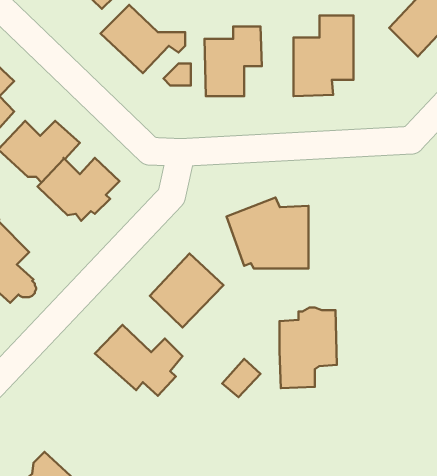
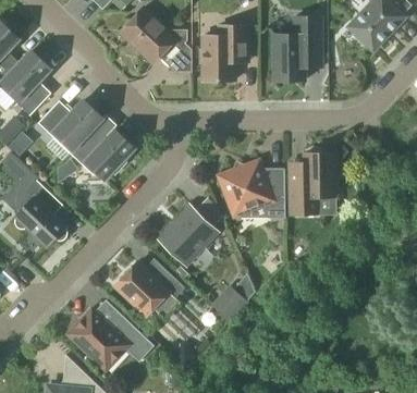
building: [279,307,337,388] -> [289,150,334,214]
building: none -> [68,309,154,369]

